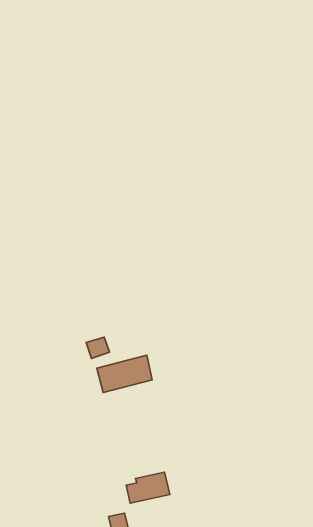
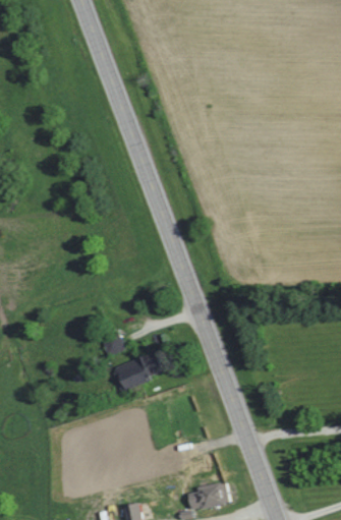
building: [126,472,170,503] -> [187,481,229,511]

